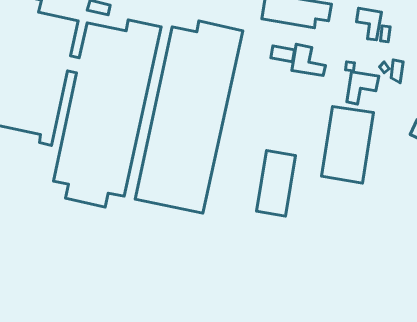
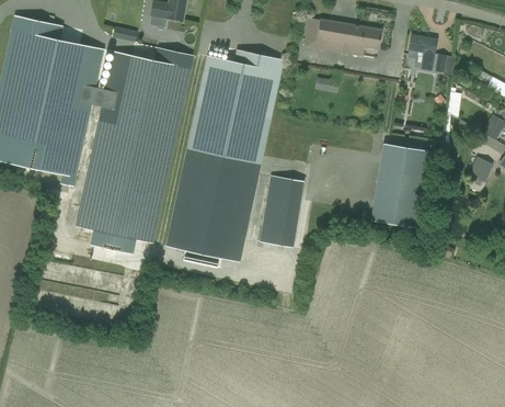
building: [292,44,325,76] -> none
building: [347,72,379,104] -> none
building: [256,151,295,216] -> [260,176,302,248]

